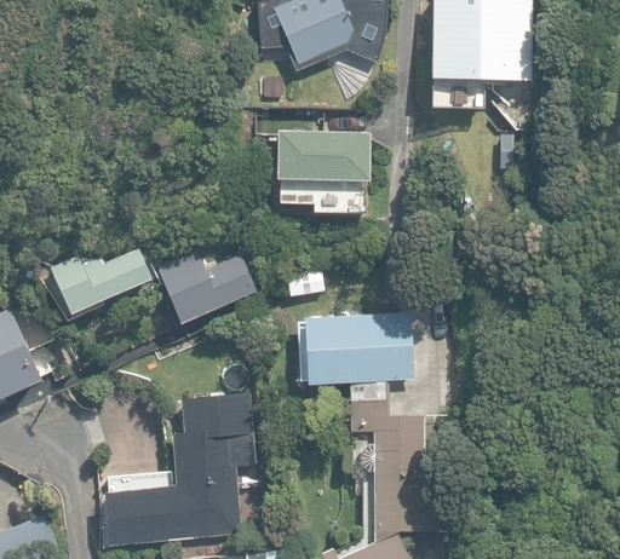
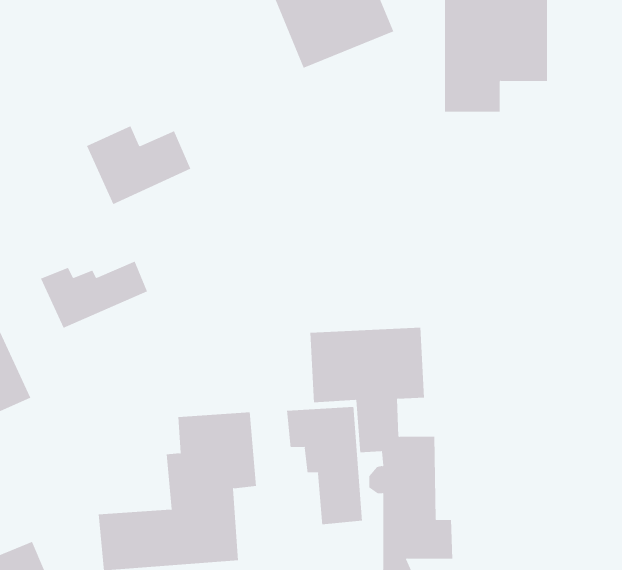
building: [277,132,371,211] -> none
building: [156,248,256,323] -> [86,125,191,205]
building: none -> [286,406,362,525]

